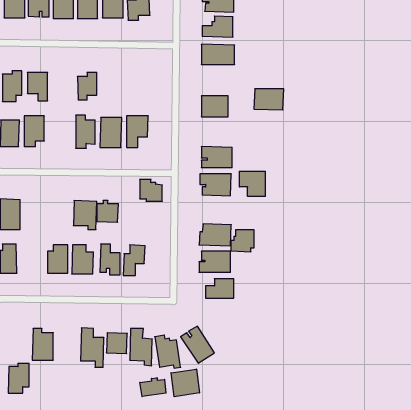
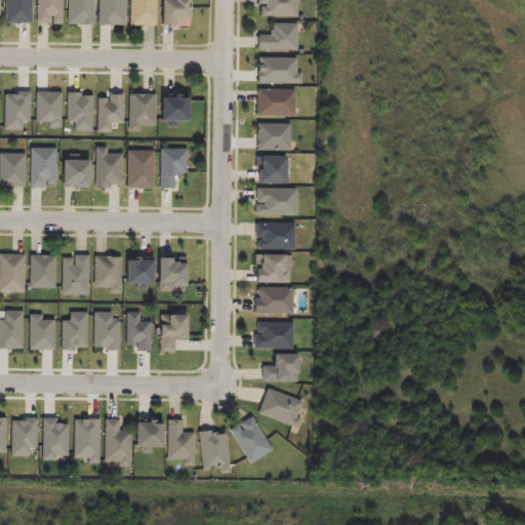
building: none -> [67,92,93,128]
building: none -> [131,92,158,125]
building: none -> [163,96,191,125]
building: [254,89,284,110] -> [257,87,295,114]
building: none -> [258,157,287,185]
building: none -> [65,160,91,189]
building: [239,171,265,196] -> none
building: [140,179,162,201] -> [156,257,185,285]
building: none -> [64,253,91,294]
building: none -> [32,254,57,288]
building: [231,230,254,252] -> [256,256,286,284]
building: none -> [30,314,53,350]
building: none -> [258,386,304,427]
building: none -> [74,418,100,455]
building: [8,363,29,393] -> [10,416,37,454]
building: [171,369,199,397] -> none
building: [140,378,166,397] -> none

